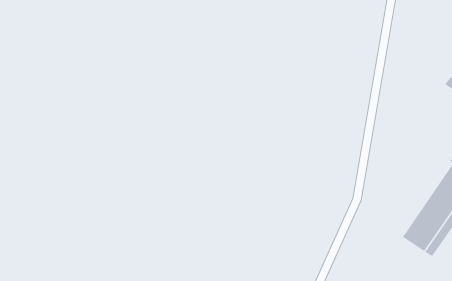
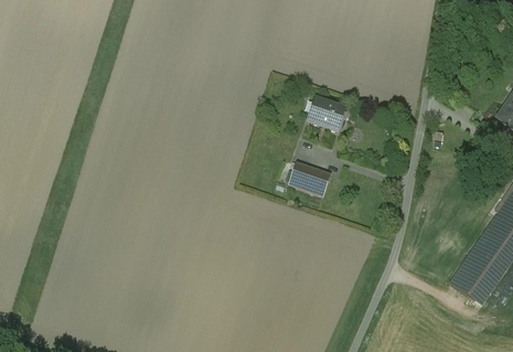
building: none -> [308,97,344,130]
building: none -> [288,161,331,194]

